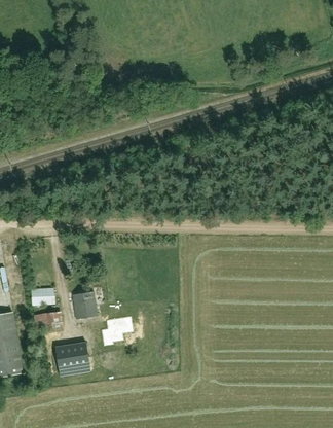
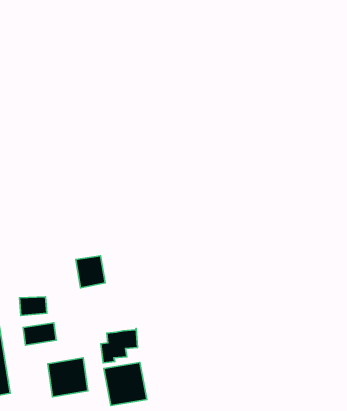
building: [71,290,97,318] -> [76,256,105,288]
building: none -> [104,363,147,406]

